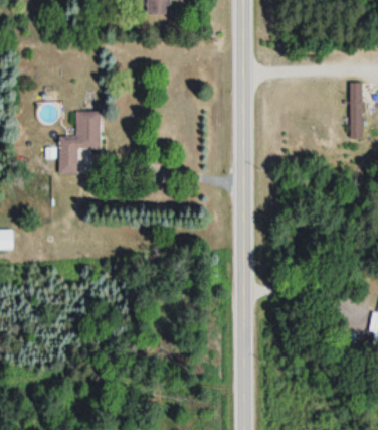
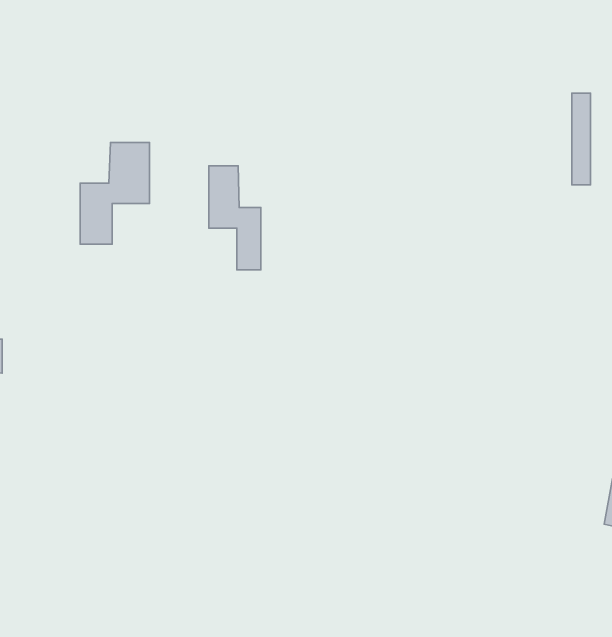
building: none -> [209,166,261,270]

